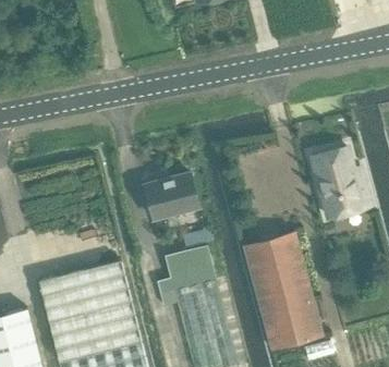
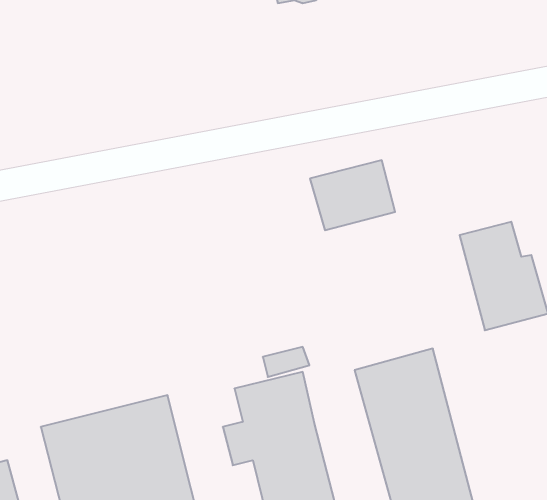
building: [145,173,200,219] -> [310,160,395,230]

